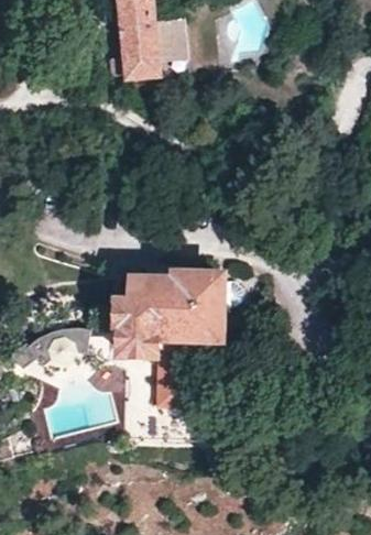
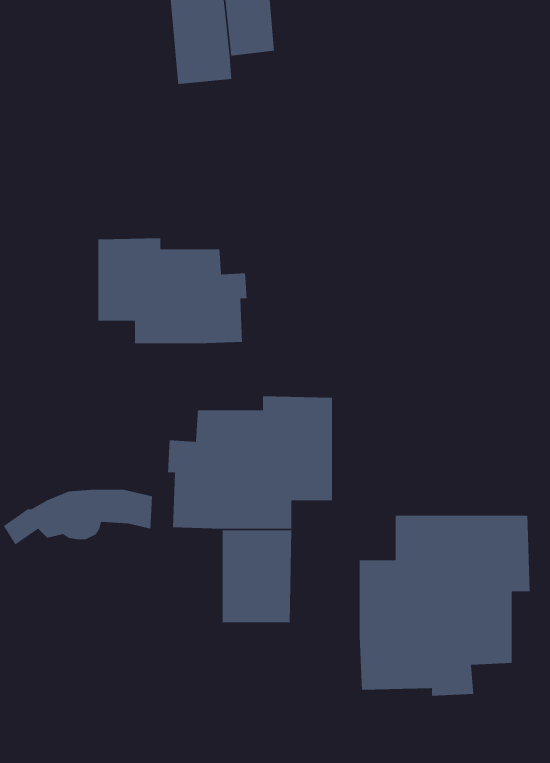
building: none -> [97,237,247,344]
building: none -> [359,515,531,696]

